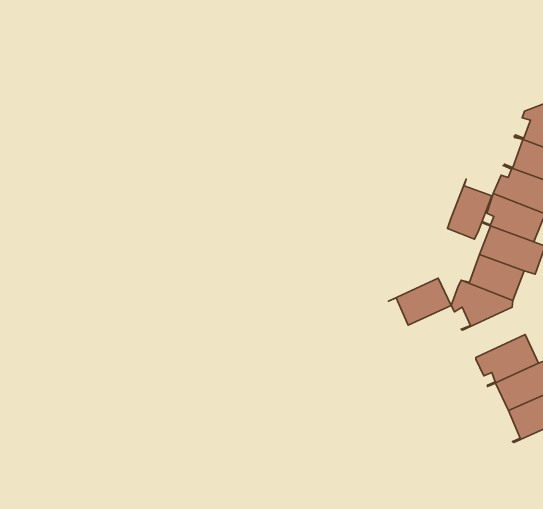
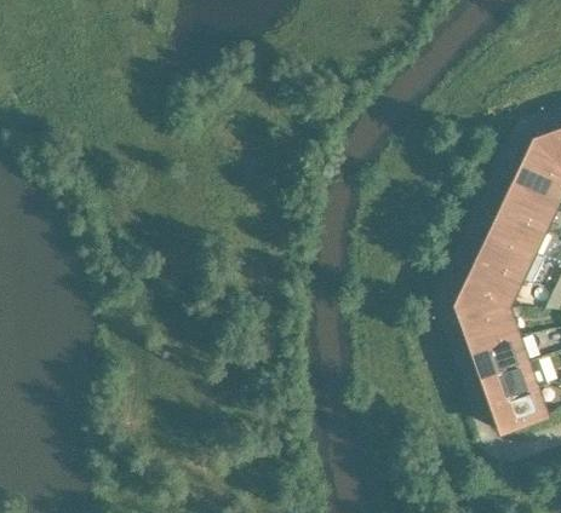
building: [448,179,492,239] -> none
building: [388,278,451,325] -> [458,313,514,353]

